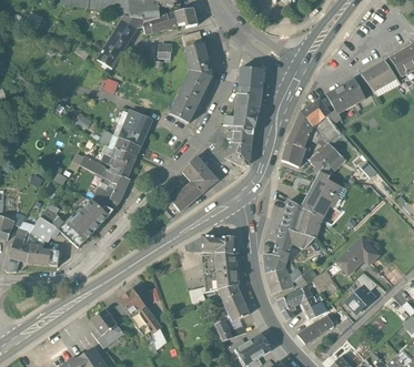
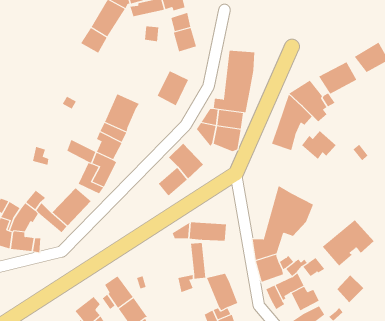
building: [182,64,212,96] -> none
building: [301,172,342,217] -> none
building: [213,252,239,288] -> none

